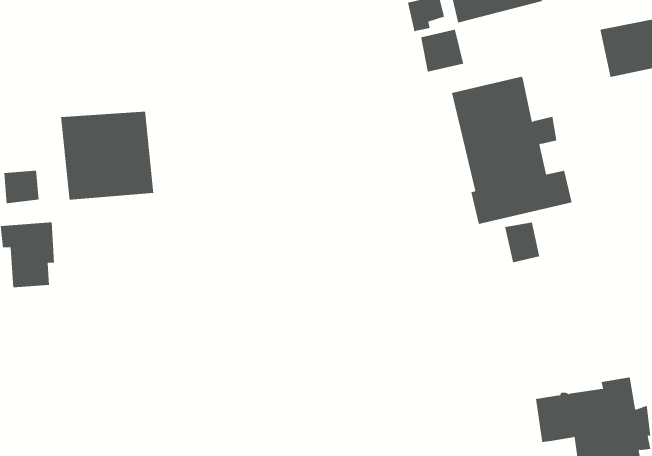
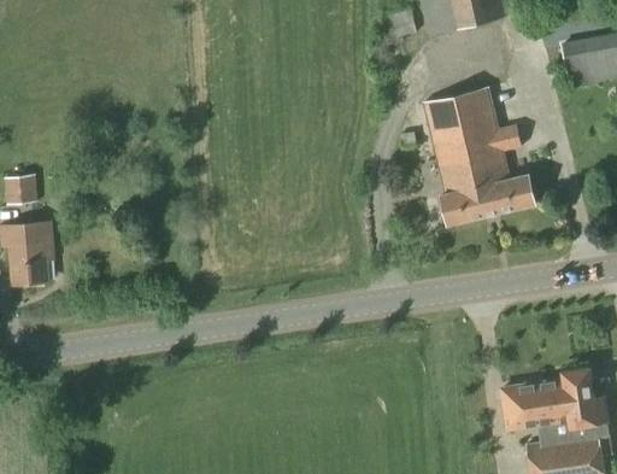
building: [420,29,464,73] -> none
building: [61,111,154,200] -> none
building: [505,222,540,263] -> none

